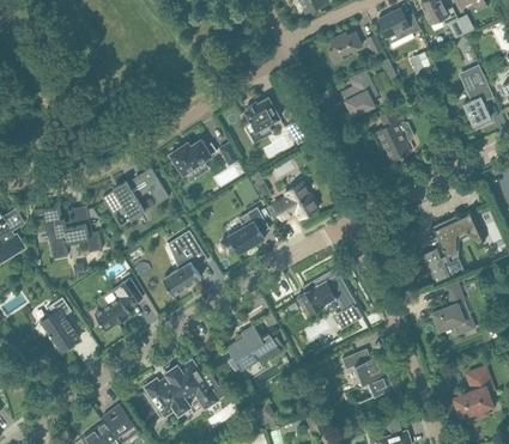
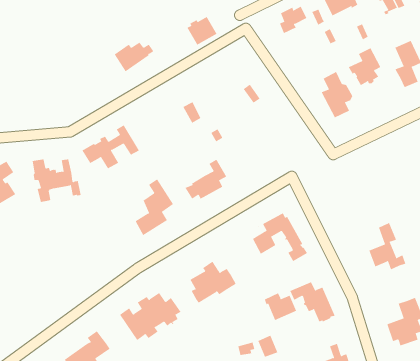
building: [339,72,377,116] -> [348,47,381,86]
building: [243,97,279,130] -> [186,16,218,45]
building: [170,140,217,175] -> [114,42,154,72]
building: [273,182,319,220] -> none
building: [422,211,484,282] -> none
building: [95,278,143,330] -> none
building: [42,297,79,354] -> none
building: none -> [264,293,297,321]

